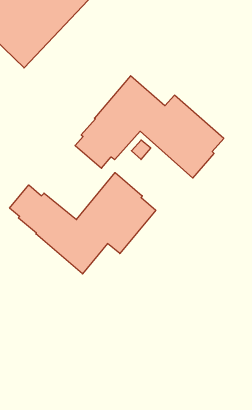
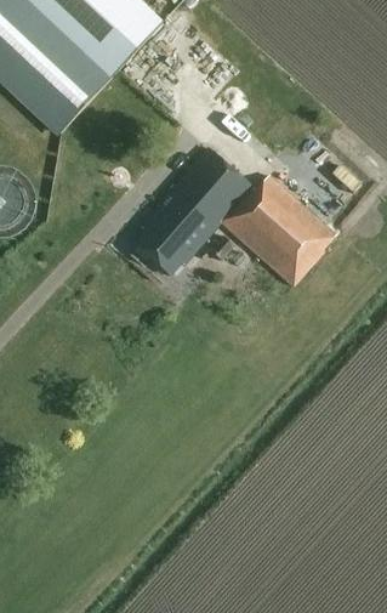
building: [10,173,156,274] -> none

